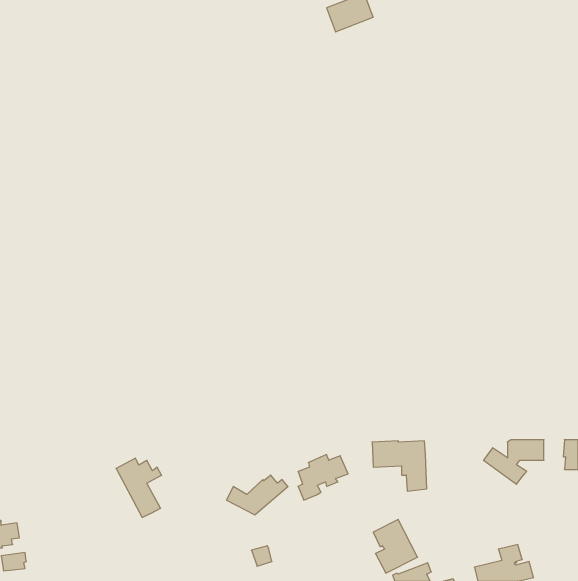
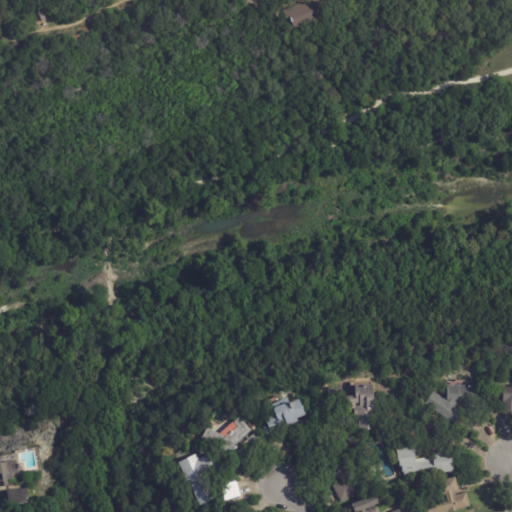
building: [116,458,162,517] -> [178,451,218,503]
building: none -> [396,446,453,478]

